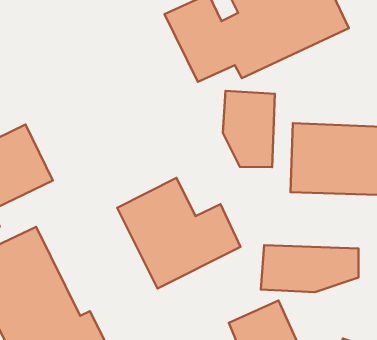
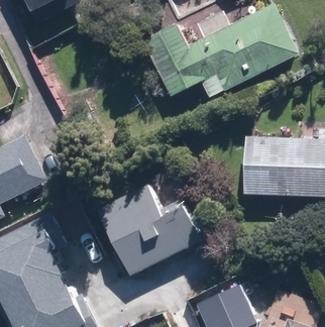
building: [223,91,275,167] -> none
building: [261,245,359,292] -> none

